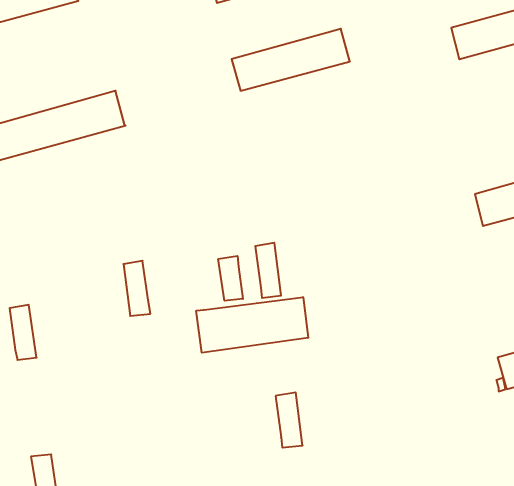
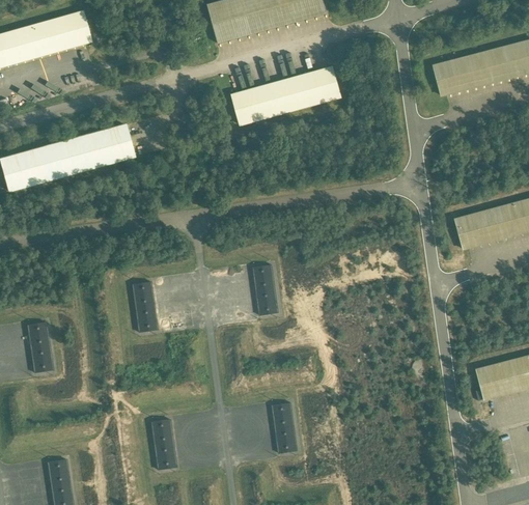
building: [218,256,243,301] -> none
building: [196,297,308,353] -> none
building: none -> [151,418,176,469]

